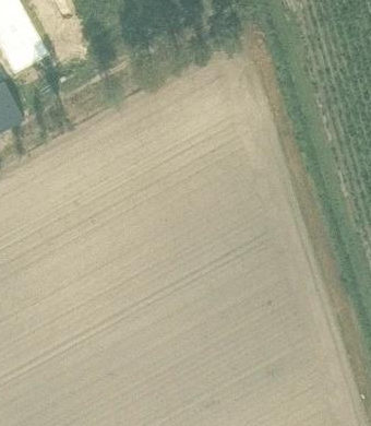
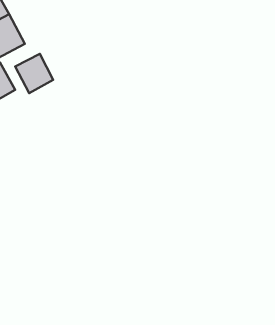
building: none -> [15,54,53,93]

